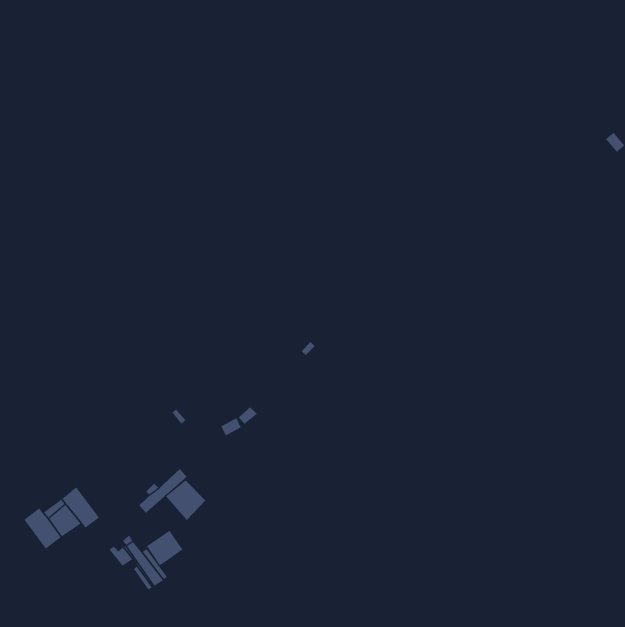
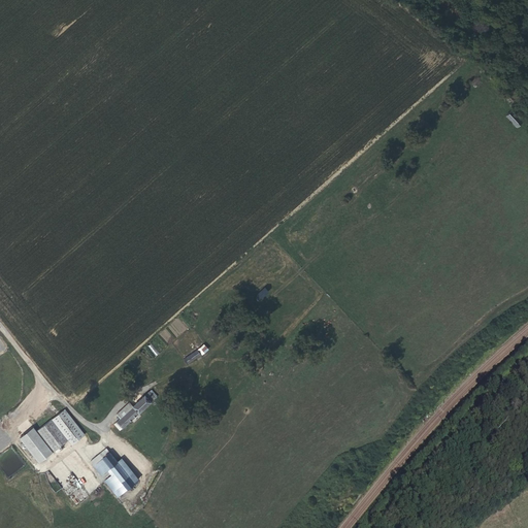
building: [165,479,206,521] -> none
building: [146,530,183,566] -> none

